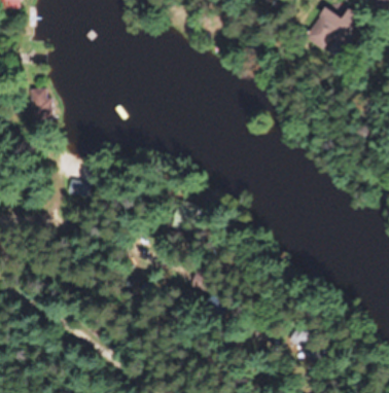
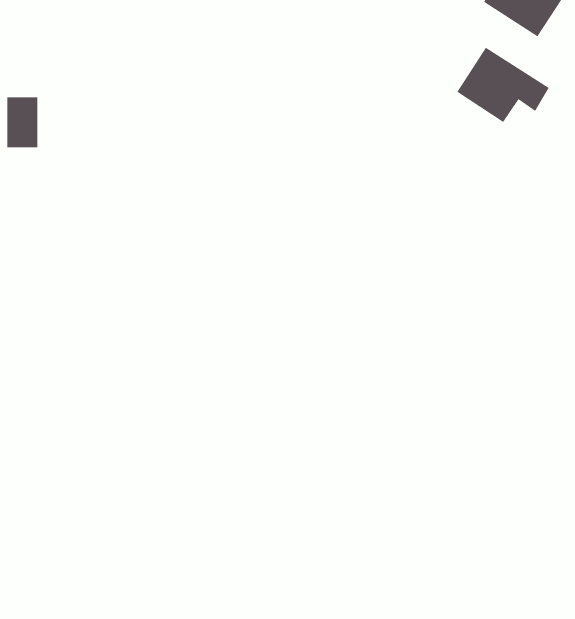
building: none -> [457,47,549,123]

